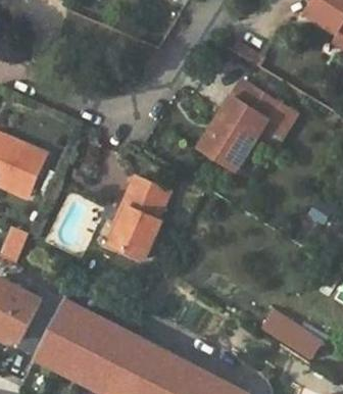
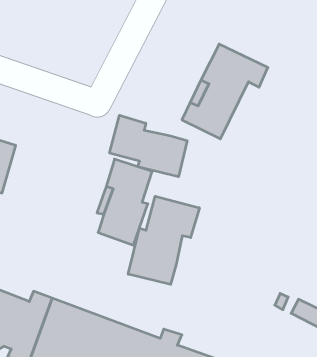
building: none -> [110,115,187,177]
building: none -> [128,196,199,284]

